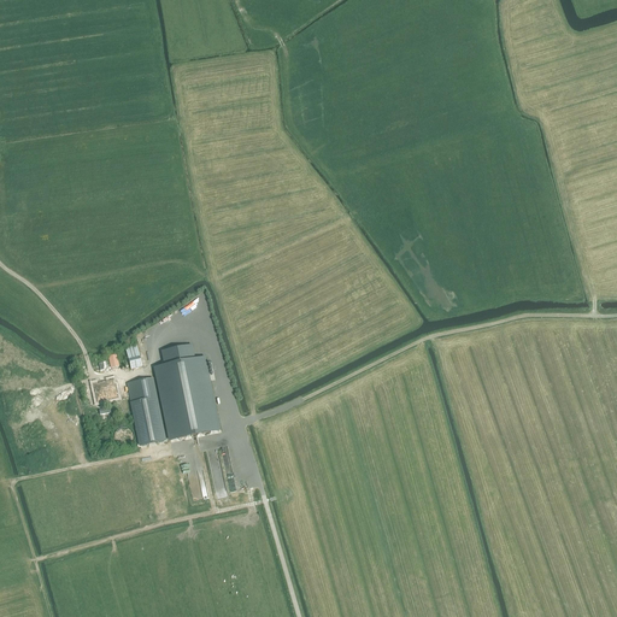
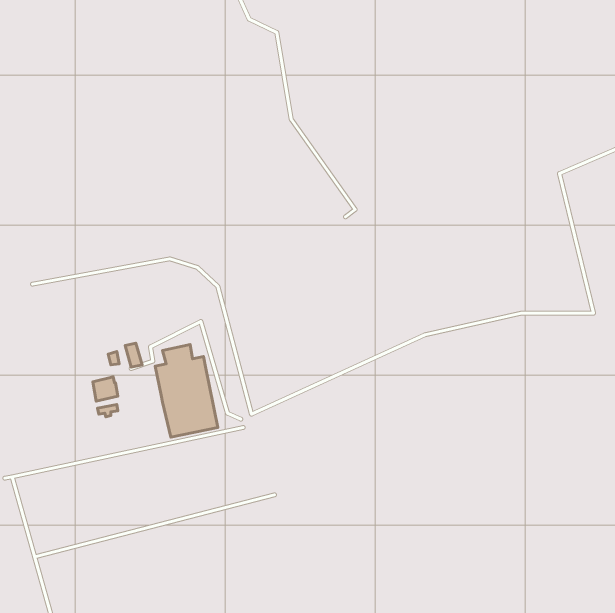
building: [128,377,165,445] -> none

